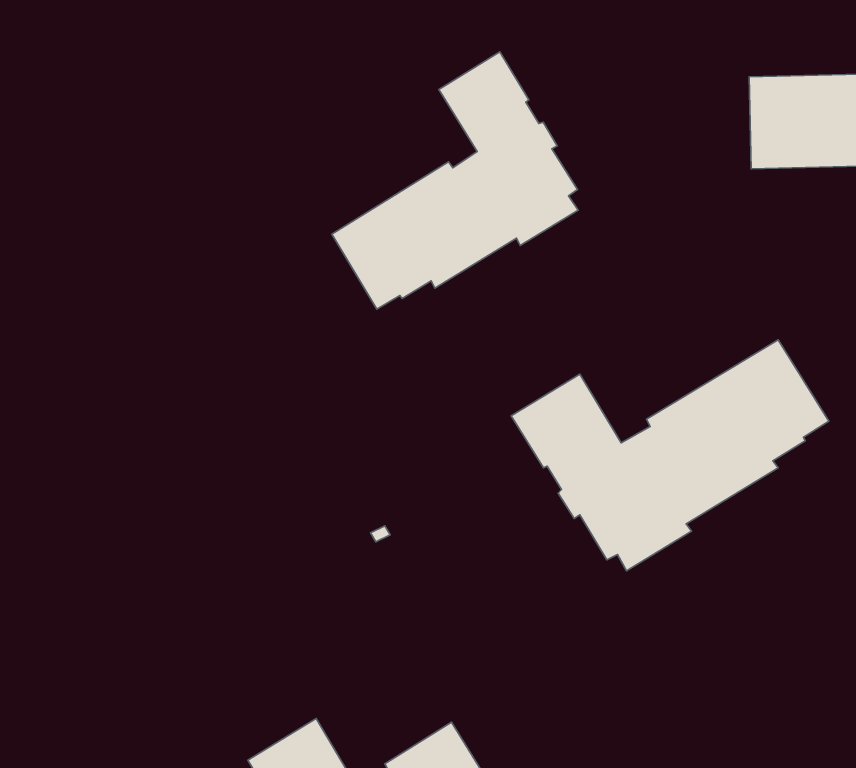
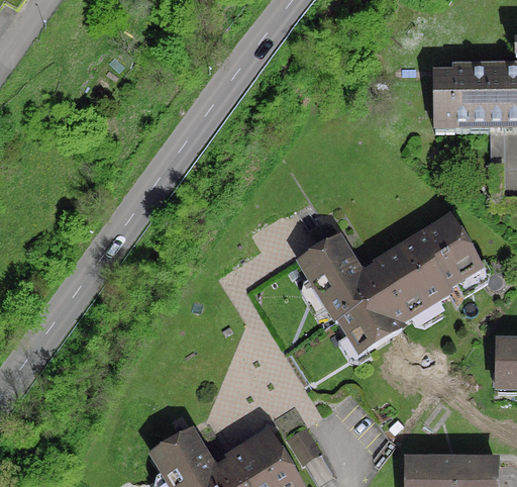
building: [332,52,578,309] -> none

